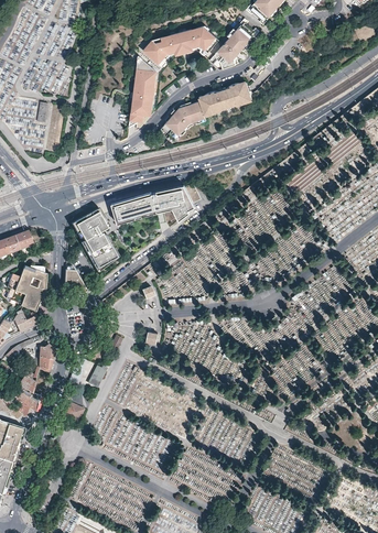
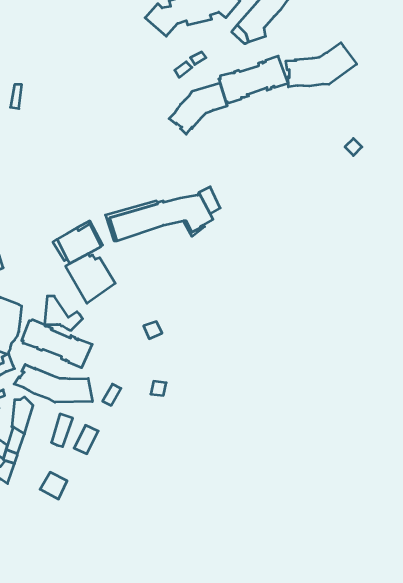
building: [129,55,158,123] -> none
building: none -> [286,43,357,87]
building: none -> [22,320,92,368]
building: none -> [14,364,92,402]

